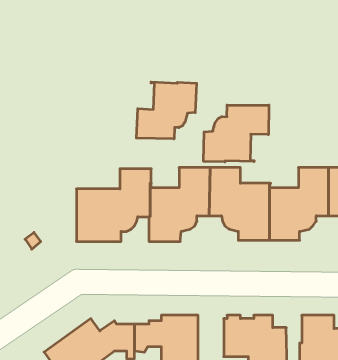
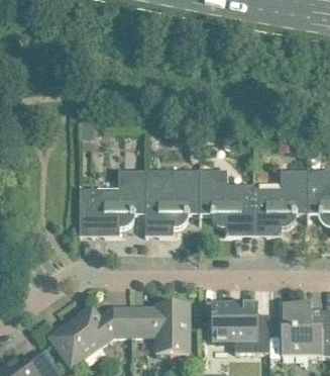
building: [136,82,197,139] -> none
building: [204,105,269,162] -> none

